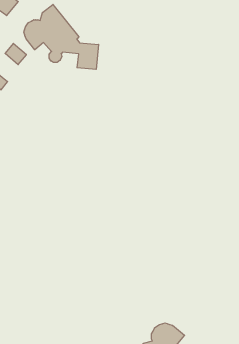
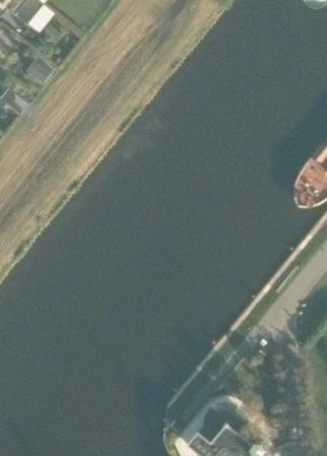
building: [24,4,99,69] -> none

